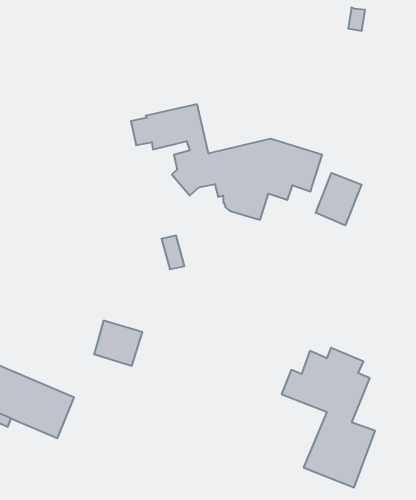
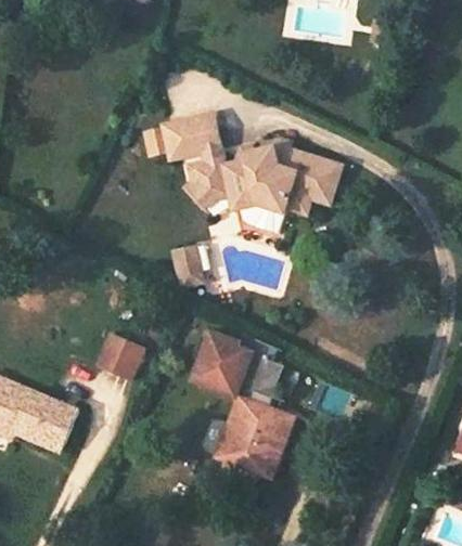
building: [316,173,362,225] -> none
building: [282,348,375,488] -> [193,336,290,480]

